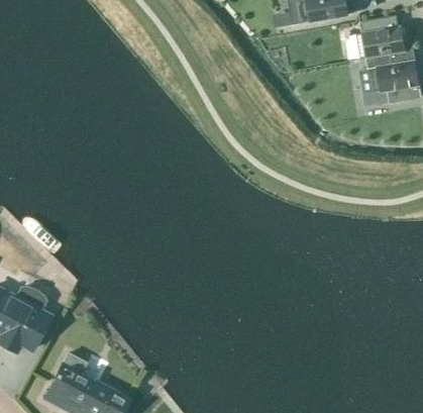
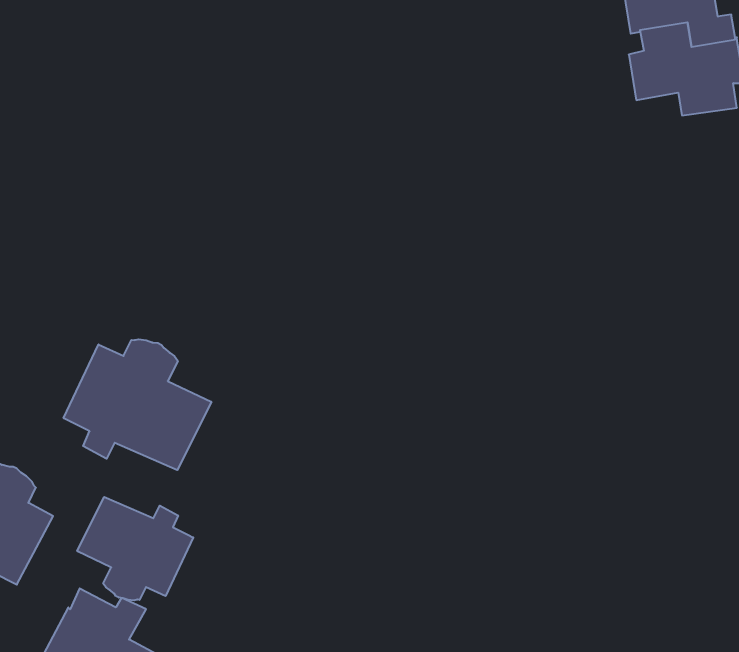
building: none -> [64,339,211,470]
building: none -> [77,497,193,600]

